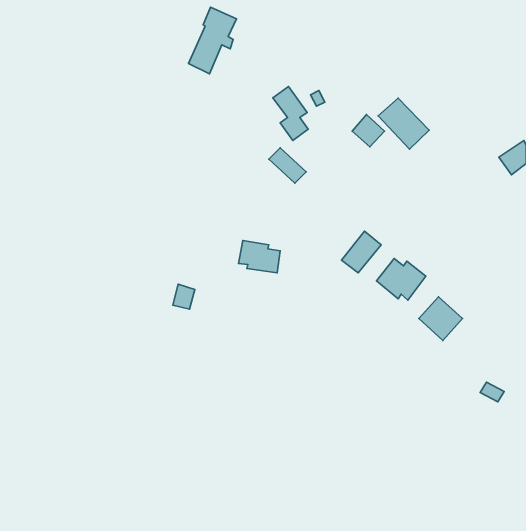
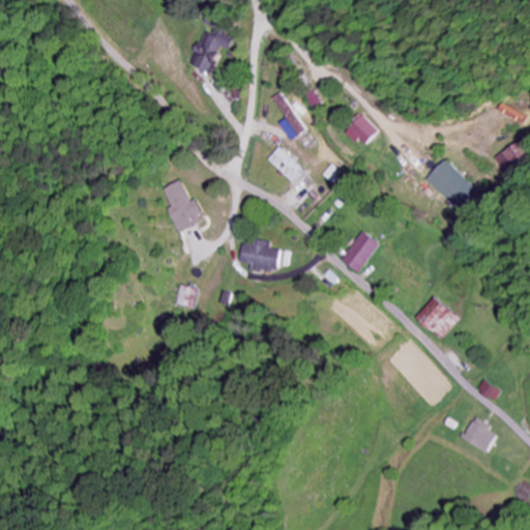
building: [378,98,429,149] -> [429,159,479,210]
building: none -> [161,179,204,232]
building: [376,259,426,300] -> none
building: none -> [462,416,496,451]

